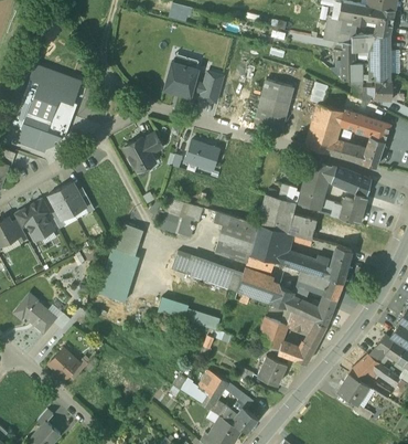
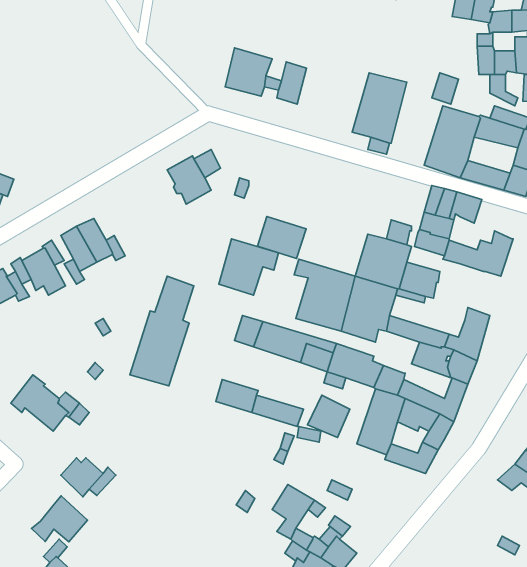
building: [14,66,80,151] -> none
building: [185,139,219,169] -> [257,216,306,259]
building: [341,169,372,197] -> none
building: [257,355,287,384] -> [308,395,350,437]
building: [337,373,369,405] -> none
building: none -> [31,496,88,542]

